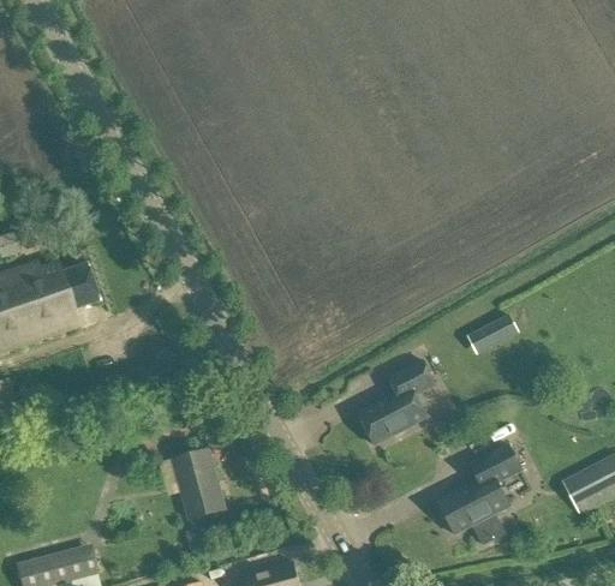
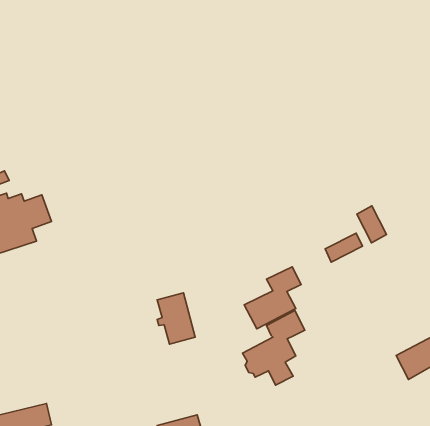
building: none -> [357,206,387,243]
building: [438,444,523,545] -> [243,311,305,385]
building: [173,449,225,519] -> [157,293,195,344]

